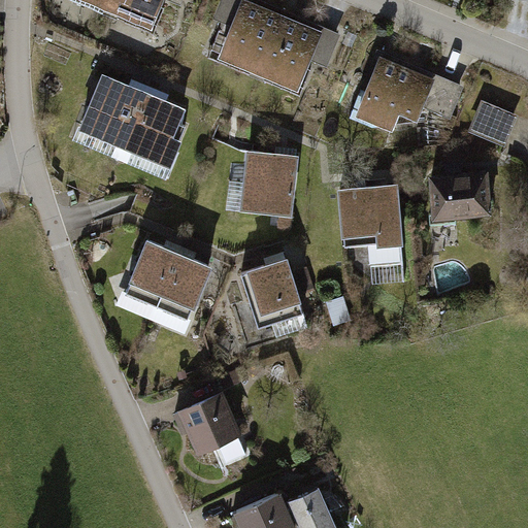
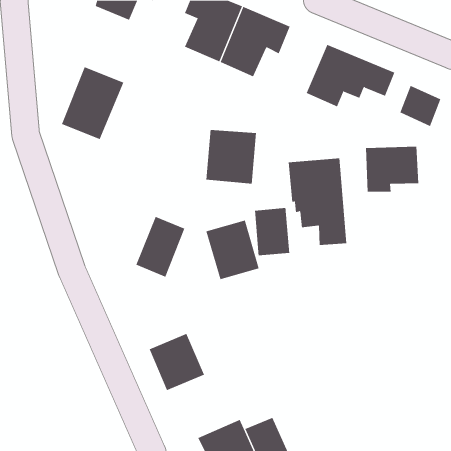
building: [119,98,196,187] -> none
building: [123,239,183,310] -> none
building: none -> [254,207,290,256]

